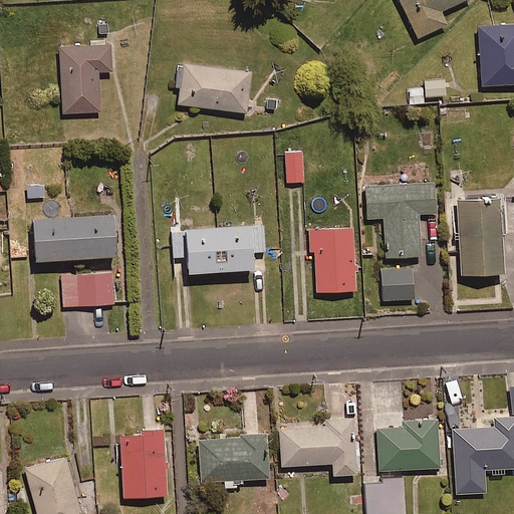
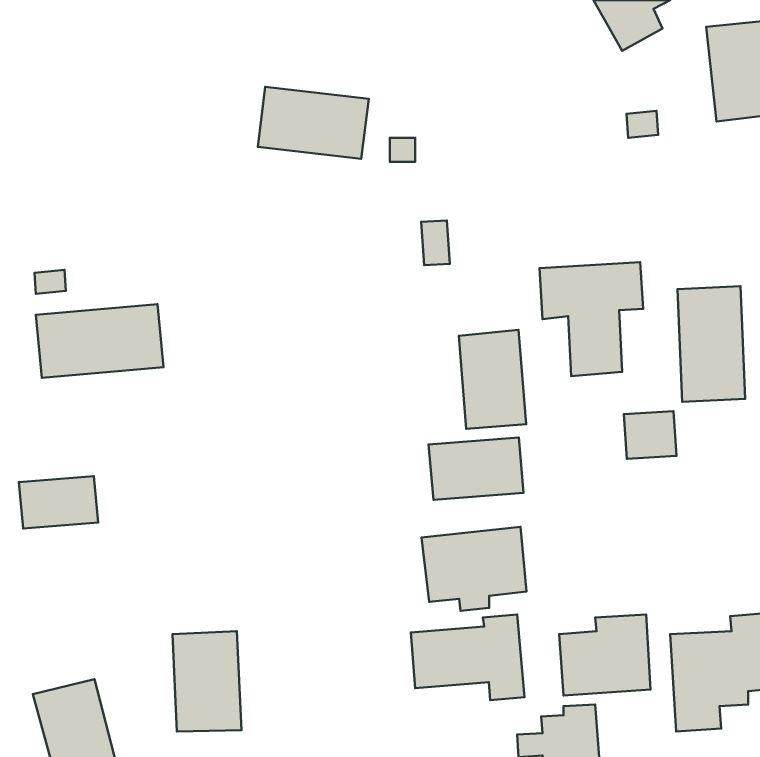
building: [58,44,111,114] -> none
building: [172,225,266,274] -> none
building: [379,270,415,302] -> [624,411,676,459]
building: [62,274,115,309] -> [19,476,98,529]
building: none -> [428,437,524,500]
building: [198,434,268,490] -> [422,527,526,611]

